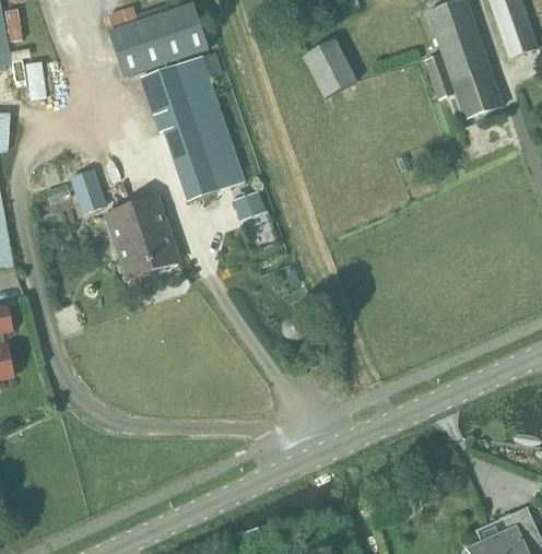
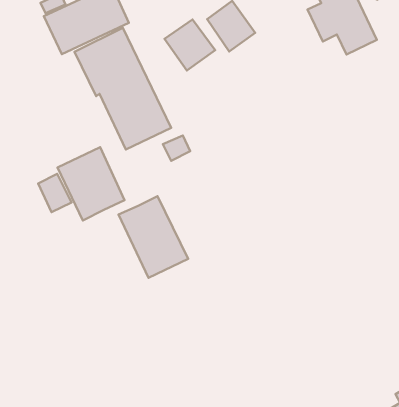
building: none -> [165,19,215,70]
building: [71,167,108,212] -> [38,174,71,212]
building: none -> [118,196,188,278]

